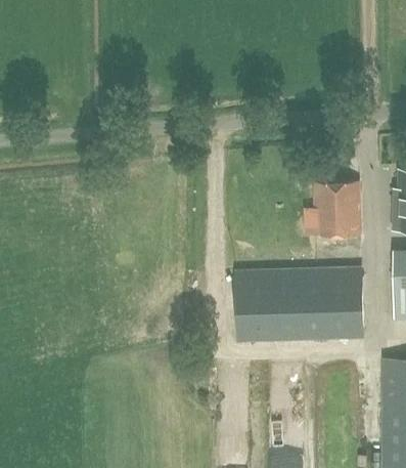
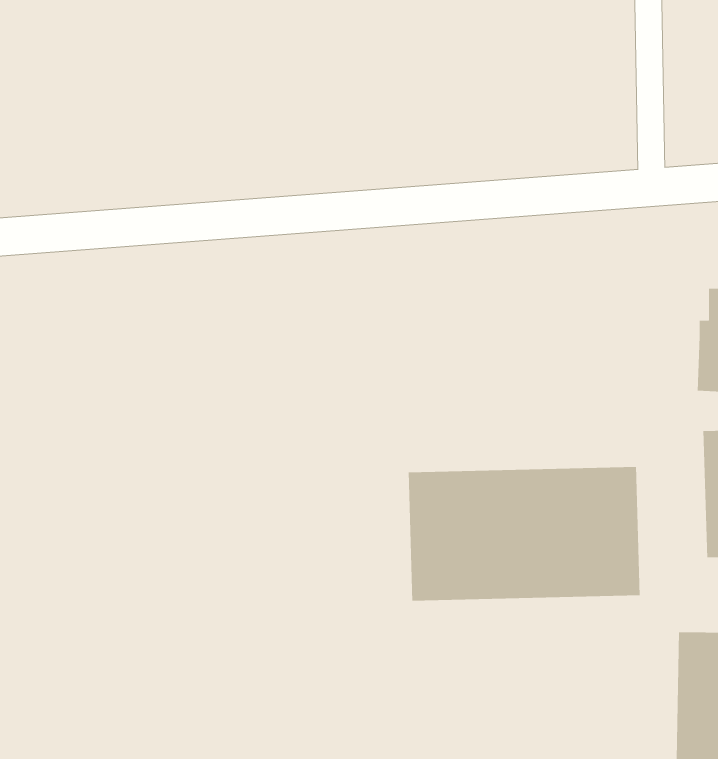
building: [312,180,359,236] -> none

